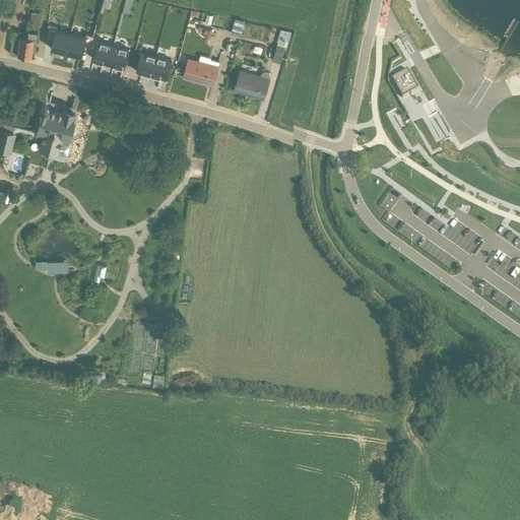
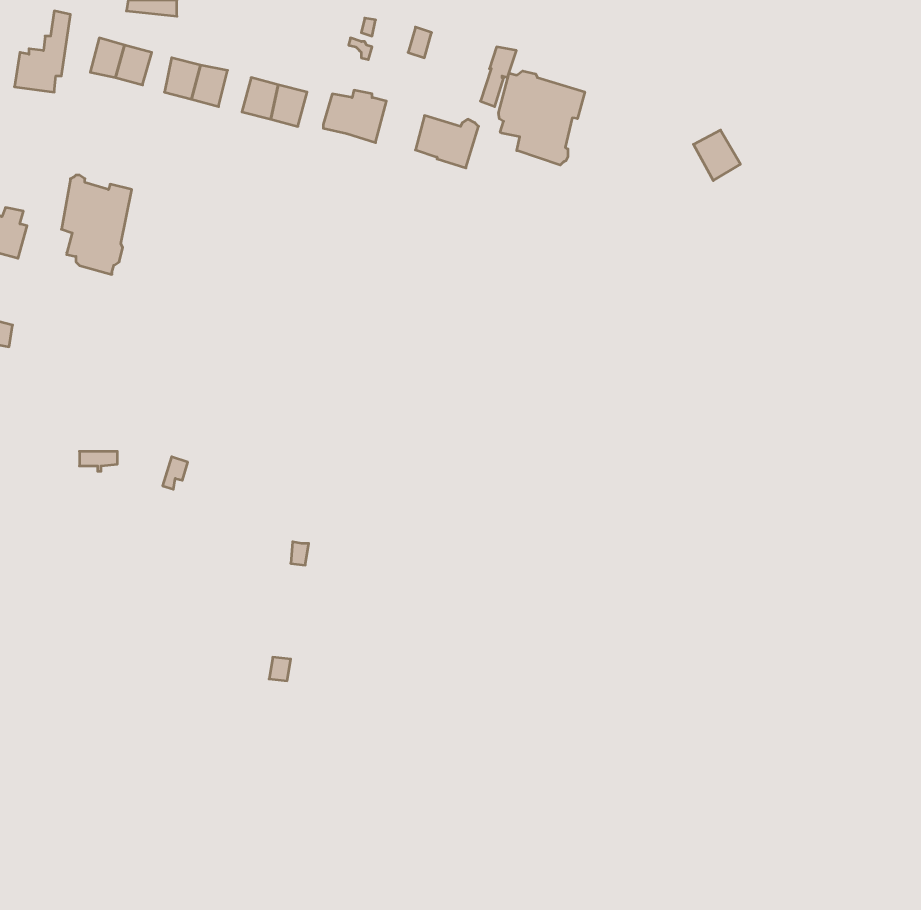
building: none -> [499,71,585,165]

